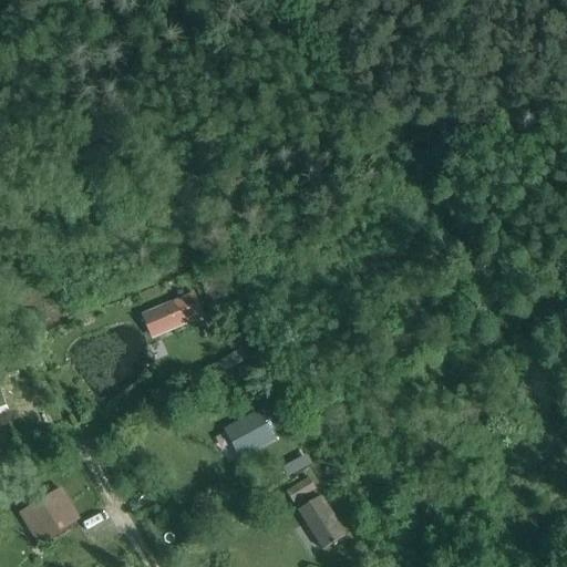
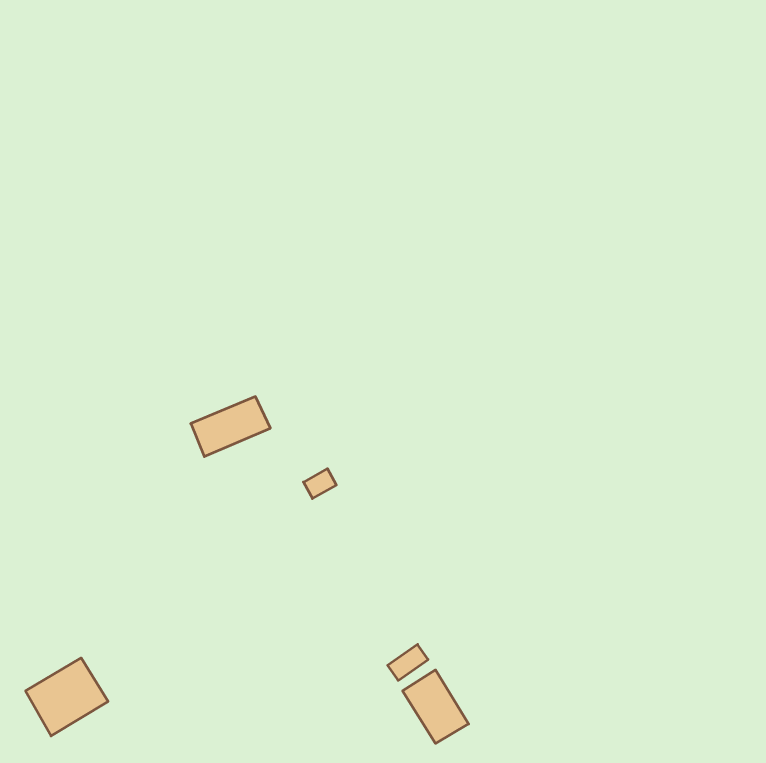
building: [226,409,276,457] -> none

